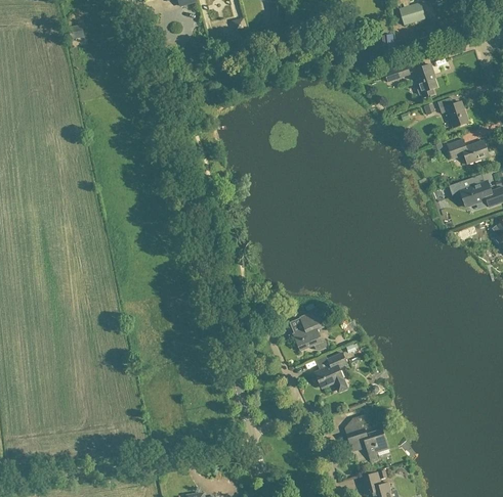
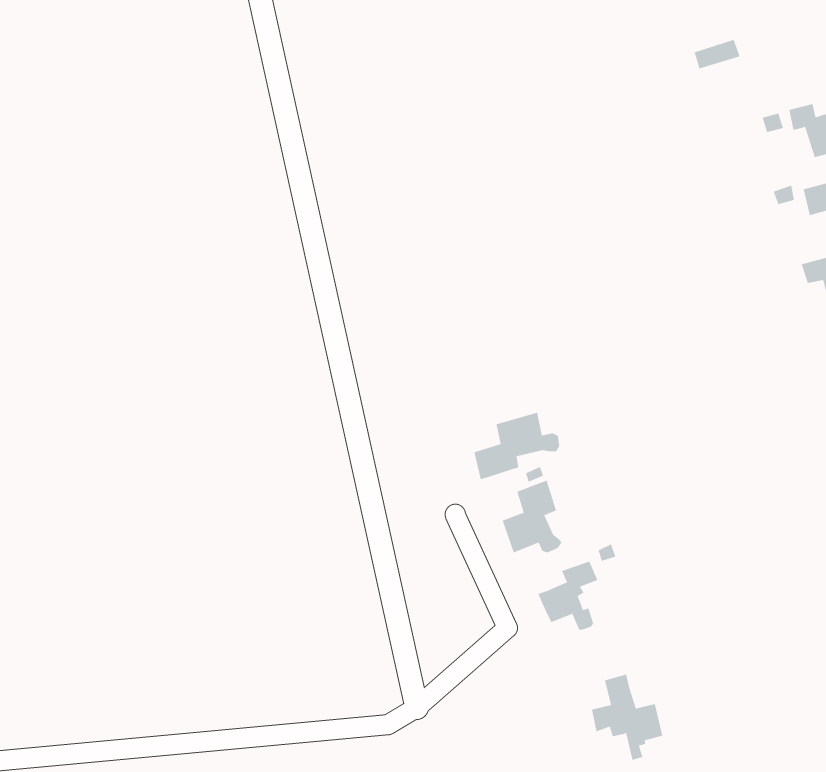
building: [412,64,435,98] -> none
building: none -> [474,412,560,480]

